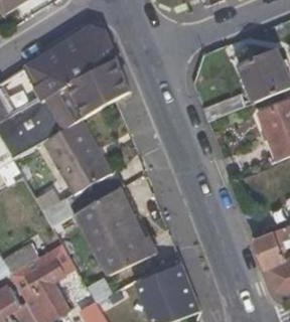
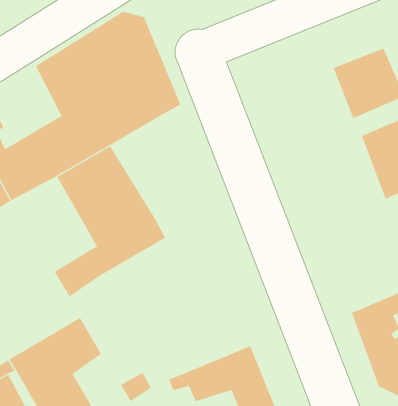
building: [74,186,158,274] -> none

